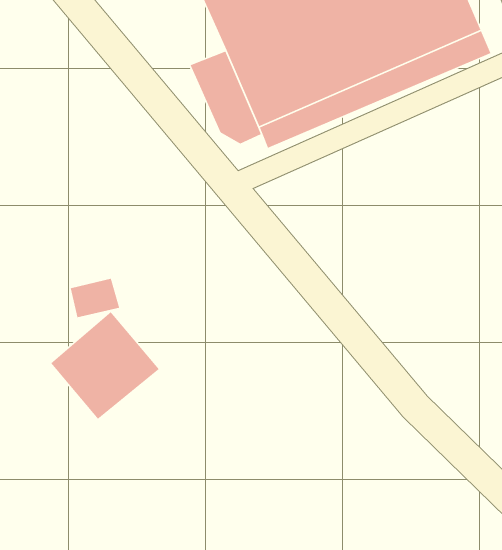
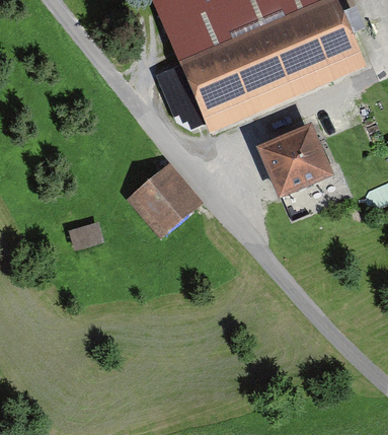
building: none -> [256,121,334,197]
building: [50,311,160,420] -> [127,161,204,237]

